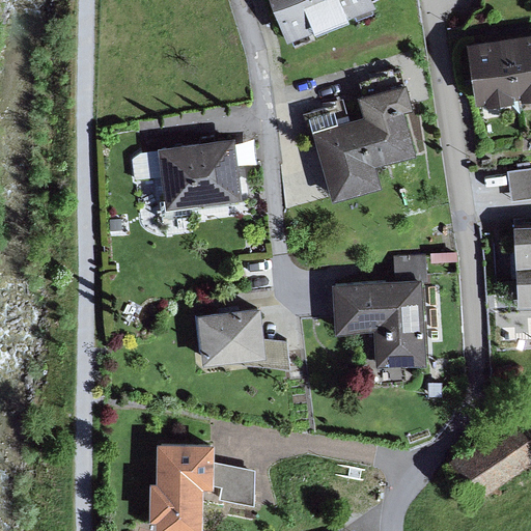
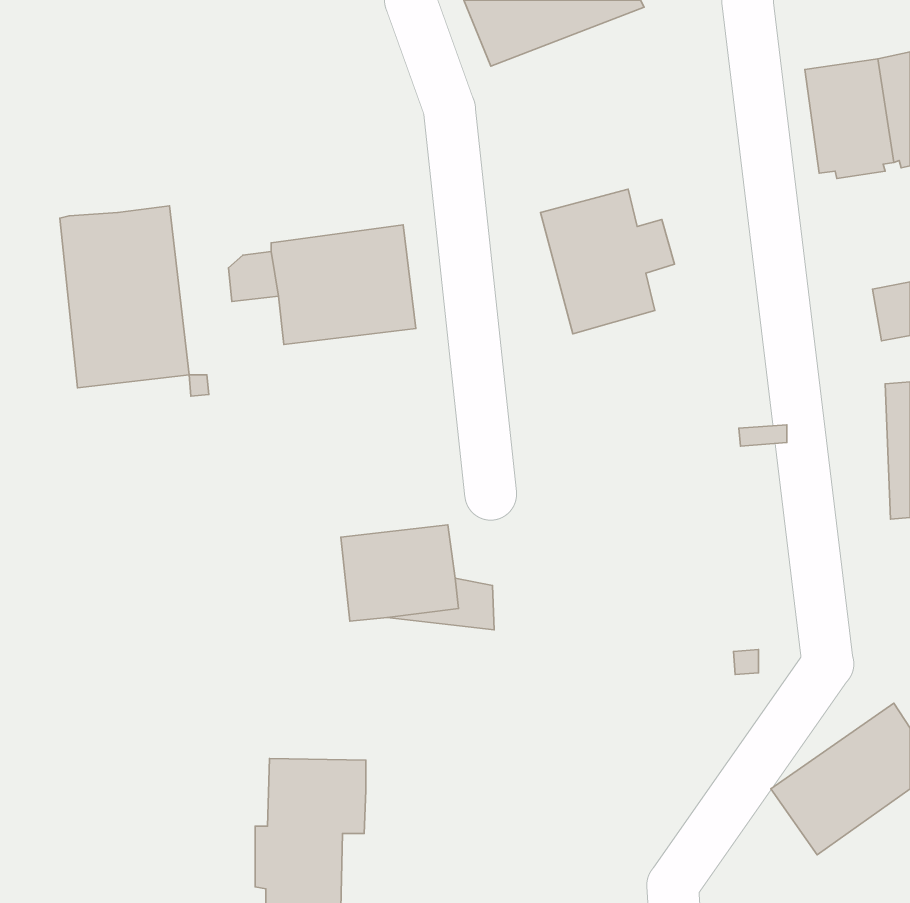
building: [359,81,416,159] -> none
building: none -> [60,206,189,388]
building: [332,276,427,366] -> none
building: [212,465,255,508] -> none

